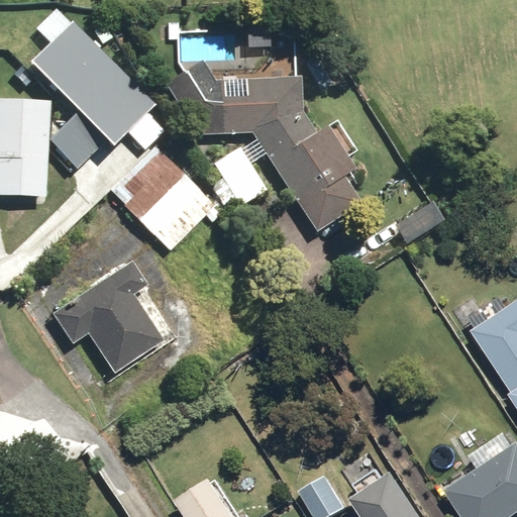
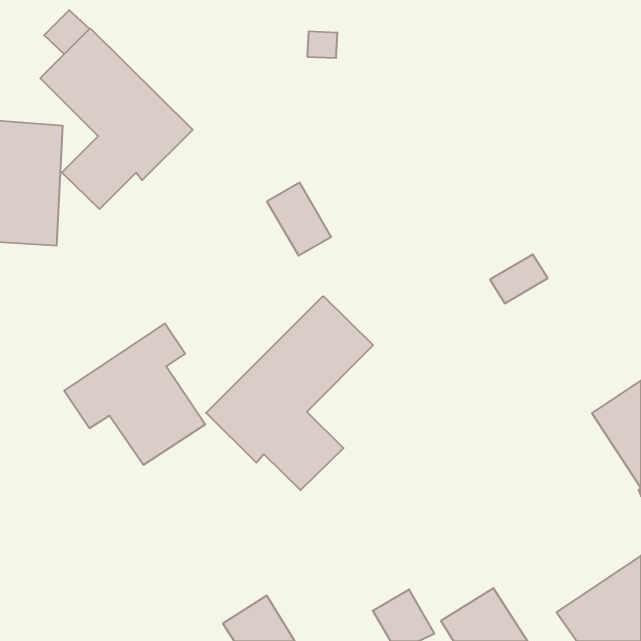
building: [164,58,363,231] -> none
building: [110,144,215,249] -> none
building: none -> [206,296,373,490]

